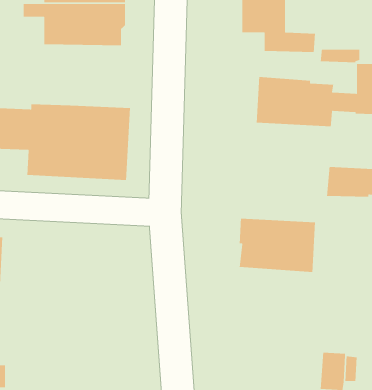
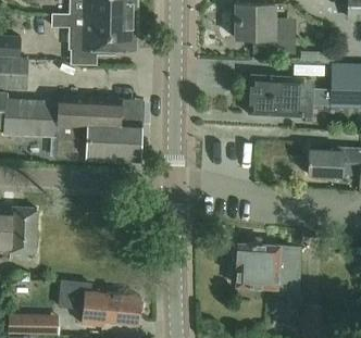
building: [239,218,316,273] -> [236,243,300,289]
building: none -> [57,279,140,328]

